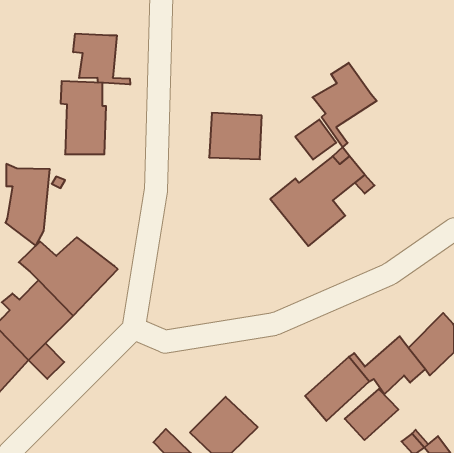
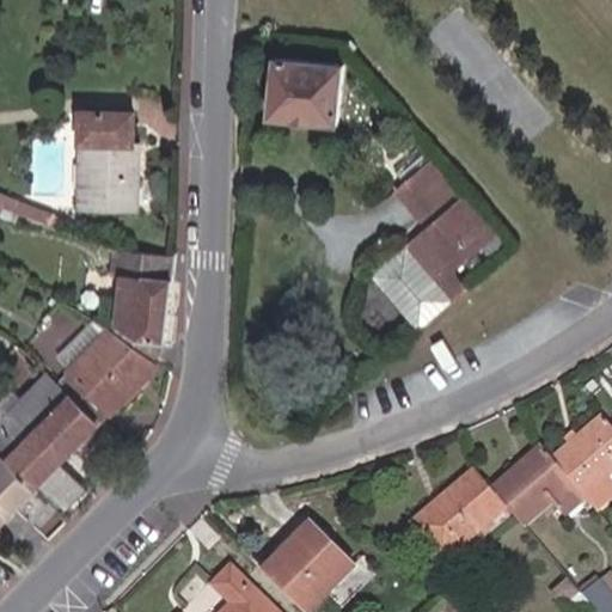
building: [73,34,130,85] -> none
building: [312,63,377,147] -> none
building: [209,113,262,159] -> [268,57,338,120]
building: [5,164,50,246] -> [112,246,172,356]
building: [345,389,398,440] -> none

